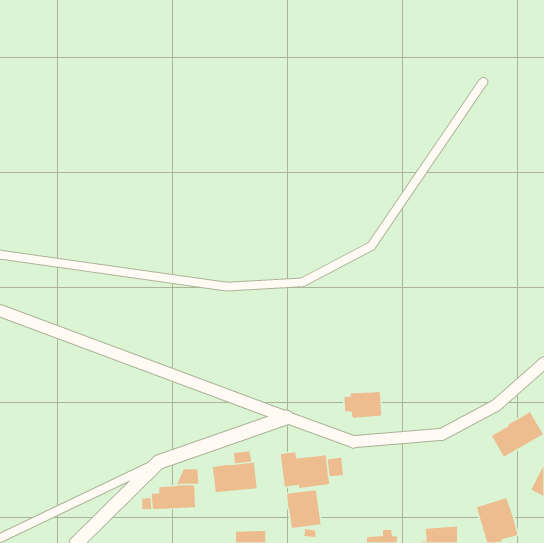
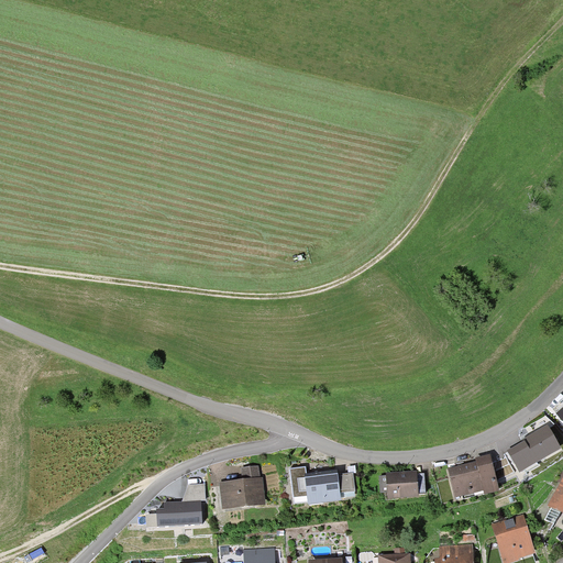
building: [344,391,382,418] -> [379,470,419,498]
building: none -> [448,454,499,498]
building: [286,489,322,529] -> none

